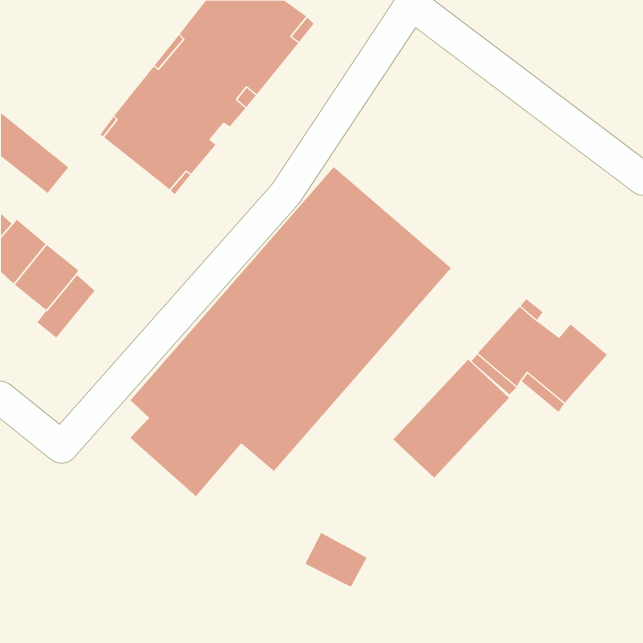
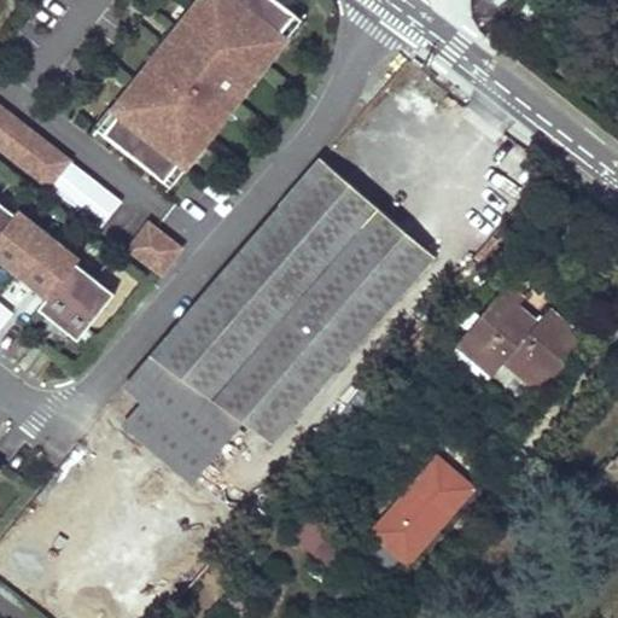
building: none -> [46,161,118,228]
building: none -> [121,214,185,272]
building: none -> [54,279,111,340]
building: [393,359,510,478] -> [367,449,479,564]

